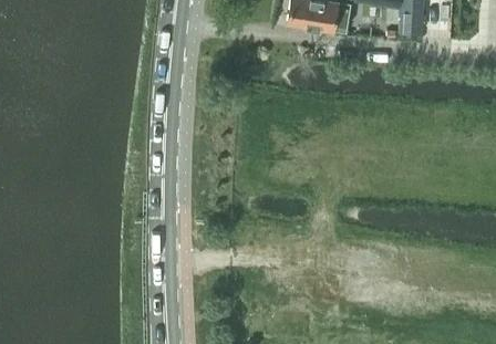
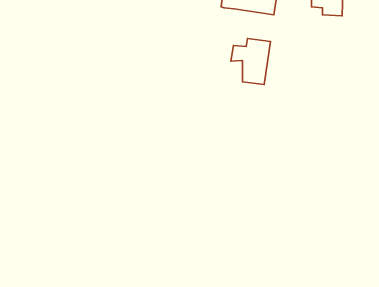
building: none -> [231,39,271,84]

